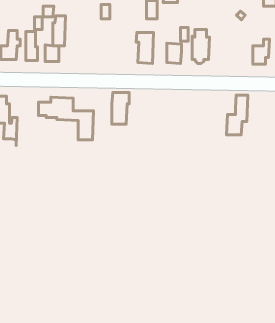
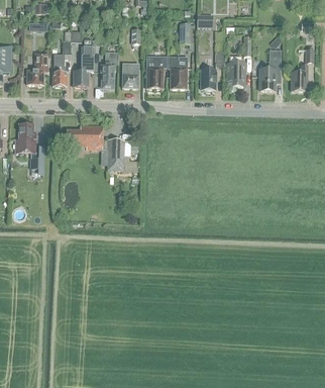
building: none -> [101,52,118,87]
building: none -> [122,65,138,88]
building: [112,92,129,124] -> [147,55,166,88]
building: [227,95,248,135] -> [259,47,282,89]

